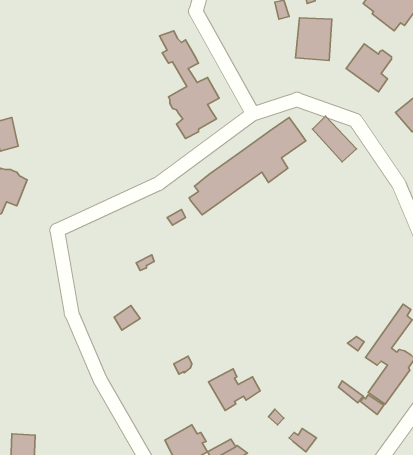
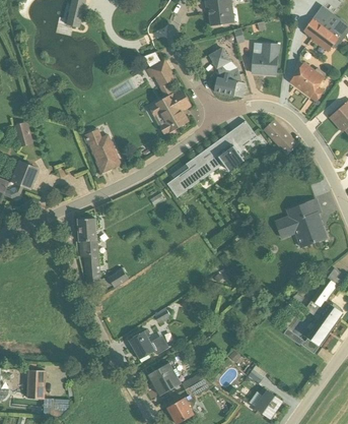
building: none -> [209,48,246,98]
building: none -> [82,129,120,173]
building: none -> [274,197,327,248]
building: none -> [77,218,100,282]
building: [208,369,260,410] -> [127,329,167,362]

